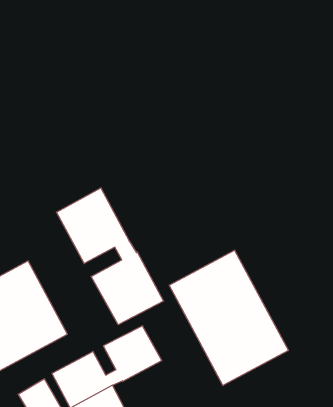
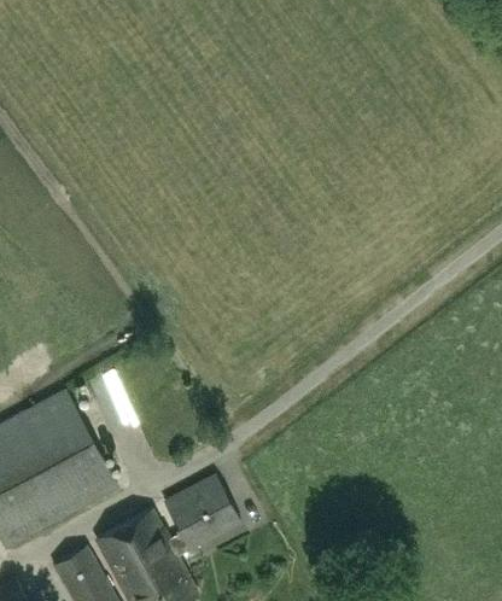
building: [56,188,164,325] -> none
building: [169,250,288,386] -> none

